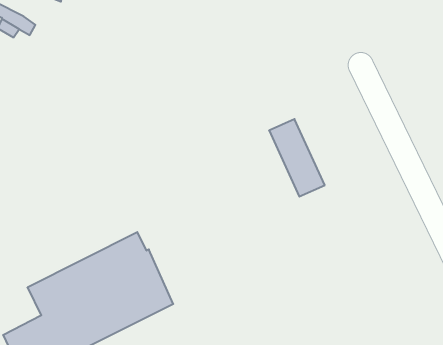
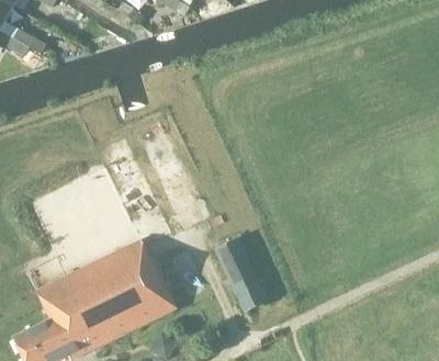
building: [269,119,325,197] -> [213,237,266,311]

